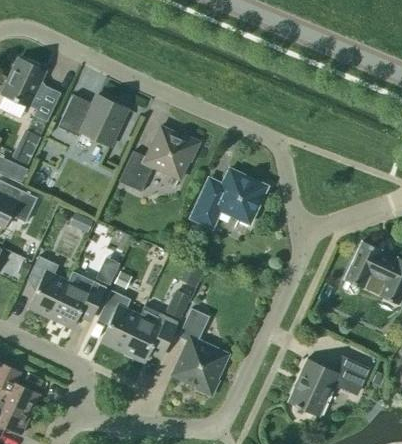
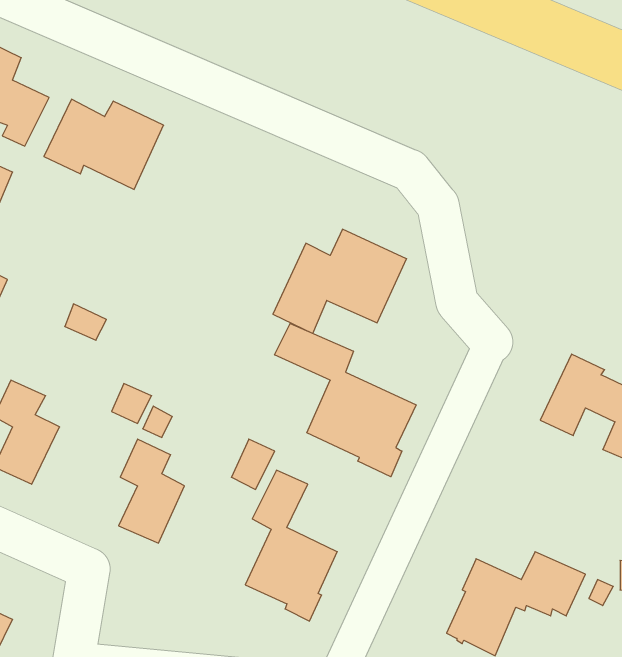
building: [119,126,200,192] -> none
building: none -> [275,323,416,477]
building: [51,271,106,327] -> none
building: [124,306,178,361] -> none

